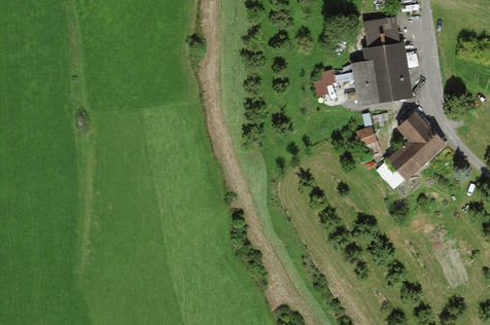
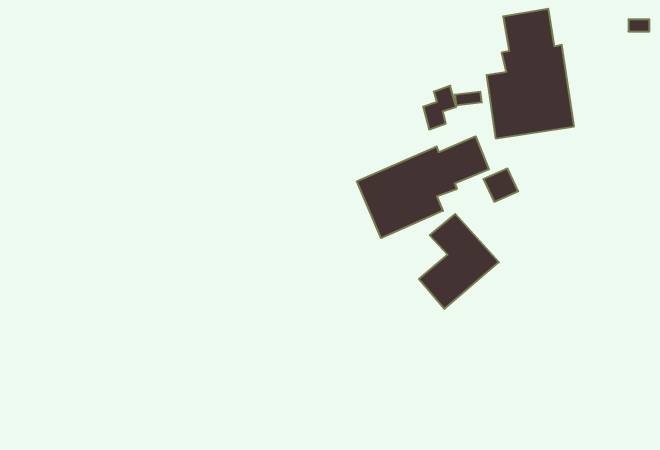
building: none -> [357,136,489,238]
building: [390,112,445,177] -> [419,214,499,309]

